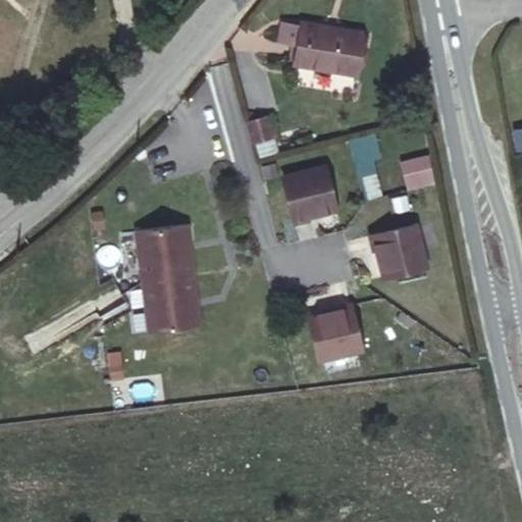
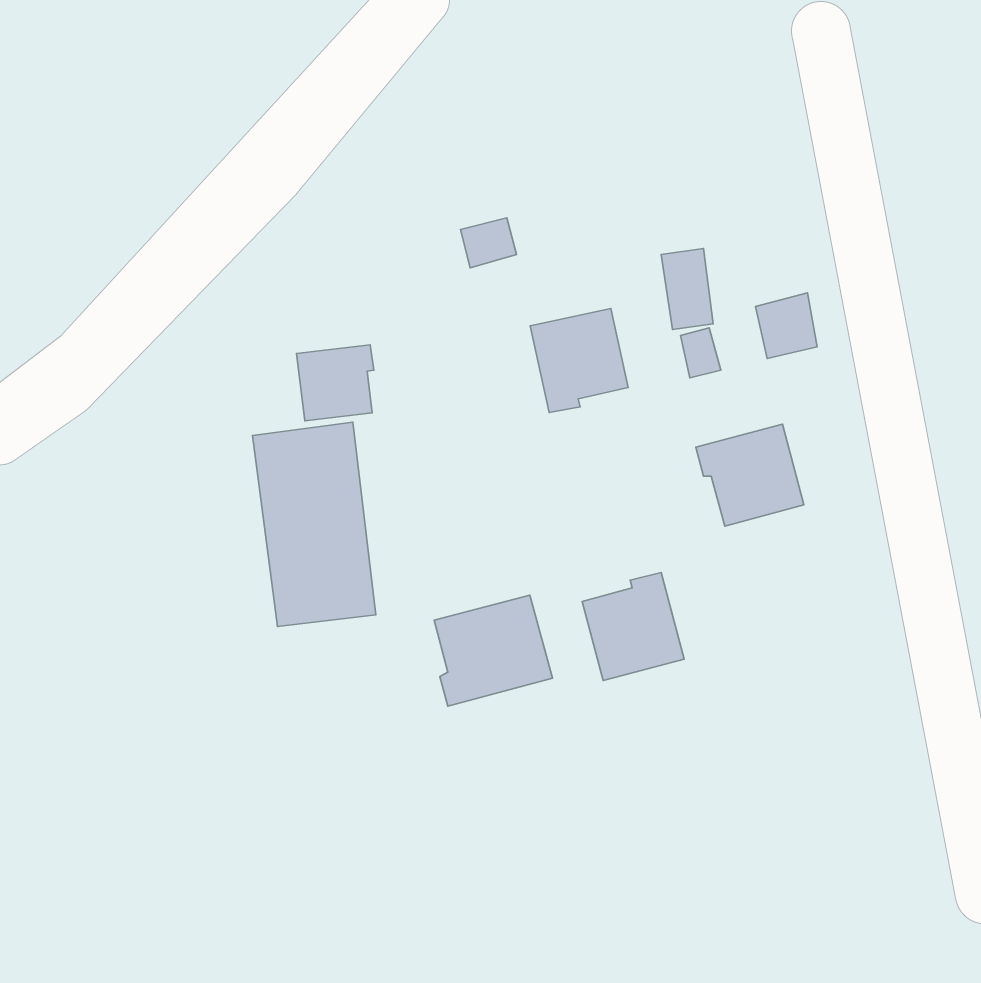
building: [295,24,363,75] -> none
building: none -> [296,345,374,421]
building: none -> [434,595,552,706]

